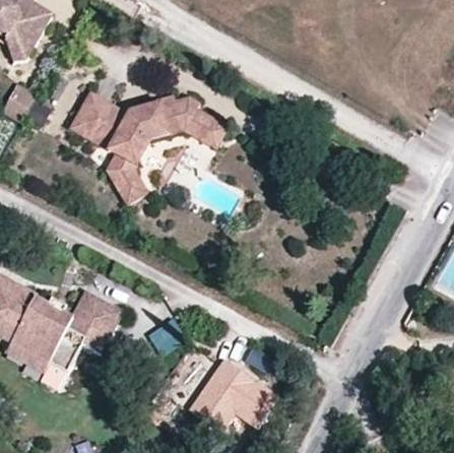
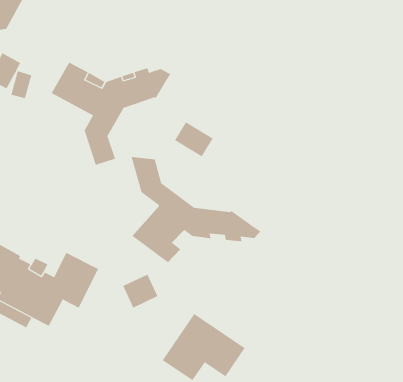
building: [185,109,228,147] -> [174,121,214,157]
building: none -> [131,156,261,263]

